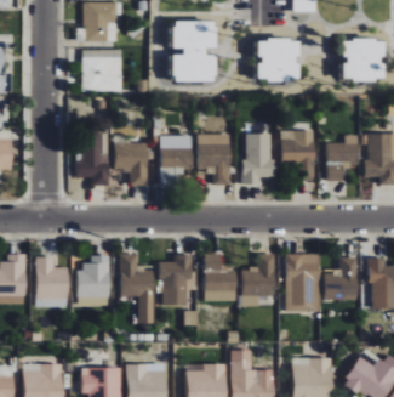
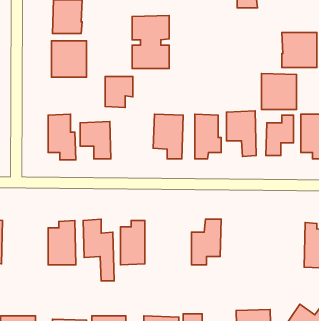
building: [259,39,299,80] -> [262,74,297,110]
building: [160,147,192,182] -> [105,77,133,107]
building: [204,254,236,302] -> none
building: [285,254,319,311] -> none
building: [34,257,68,307] -> none
building: [324,257,358,299] -> none

